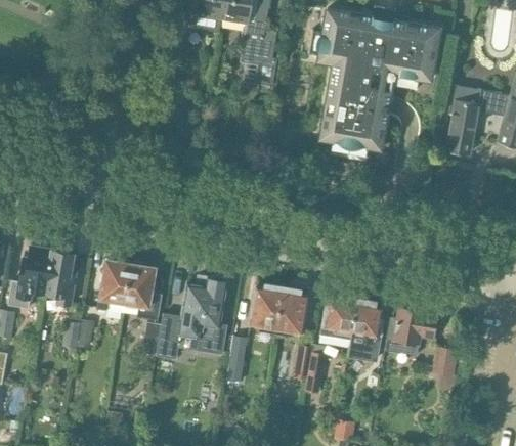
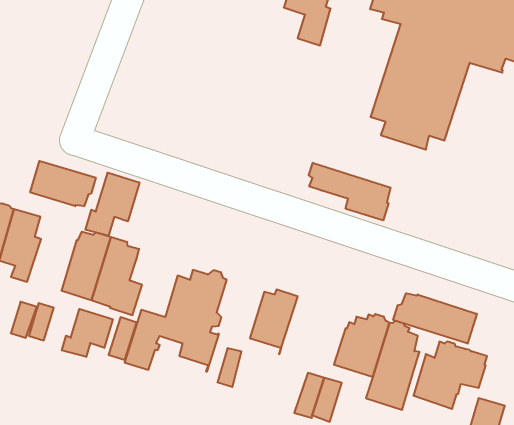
building: none -> [309,163,391,220]
building: none -> [30,161,96,206]
building: none -> [85,173,139,236]
building: none -> [393,293,477,344]
building: [275,286,308,333] -> none
building: none -> [62,309,113,357]

